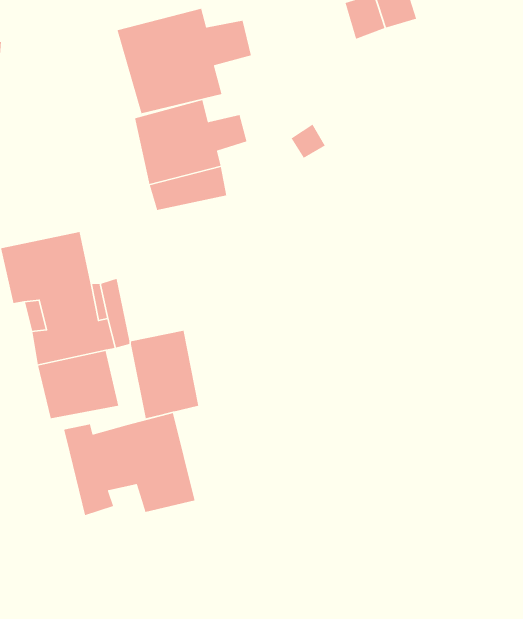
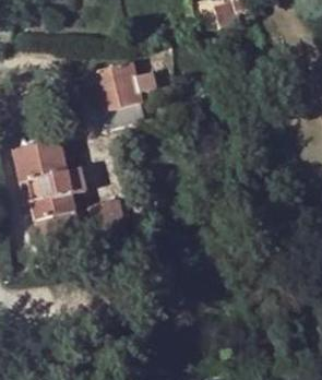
building: [116,8,252,114] -> none
building: [63,412,196,516] -> none

